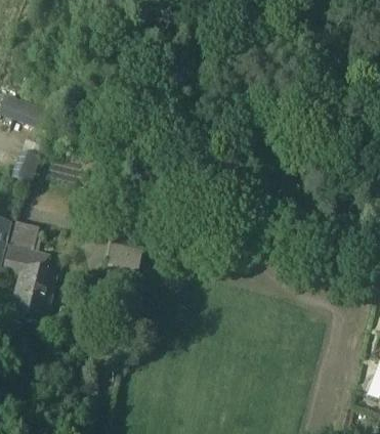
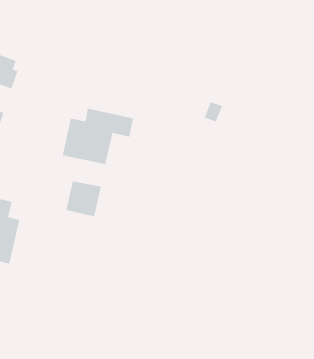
building: none -> [62,108,133,165]

